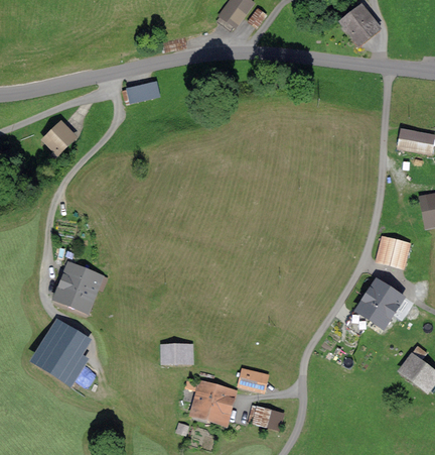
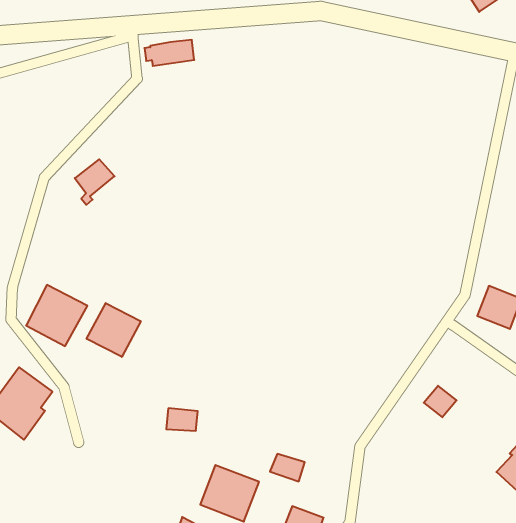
building: [45,124,74,157] -> [75,159,115,205]
building: none -> [87,303,141,357]
building: [355,279,402,327] -> none

